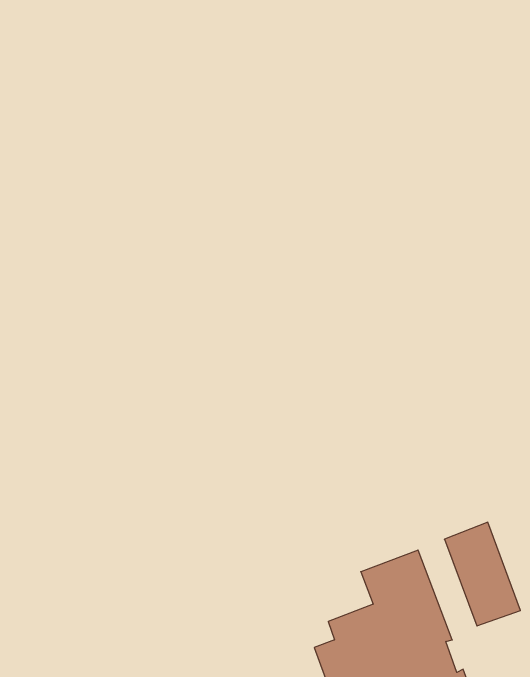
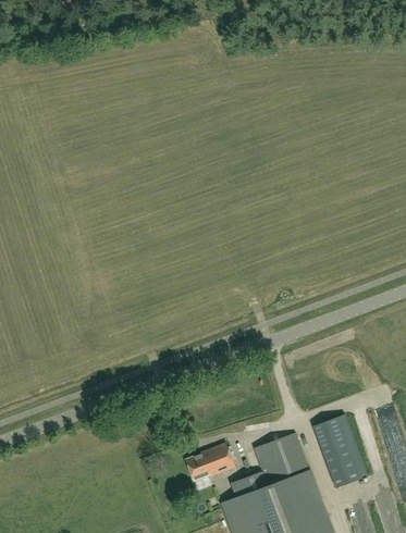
building: none -> [186,443,235,482]

